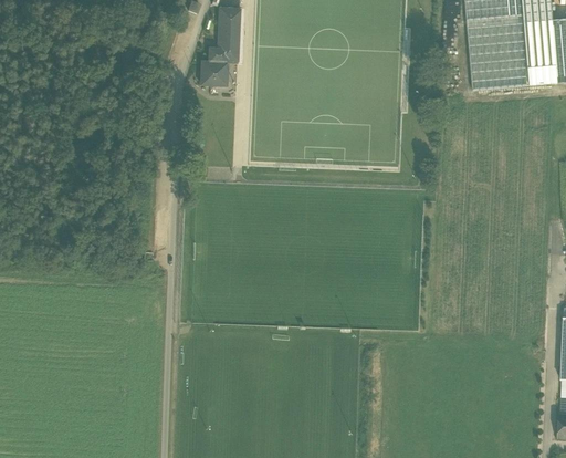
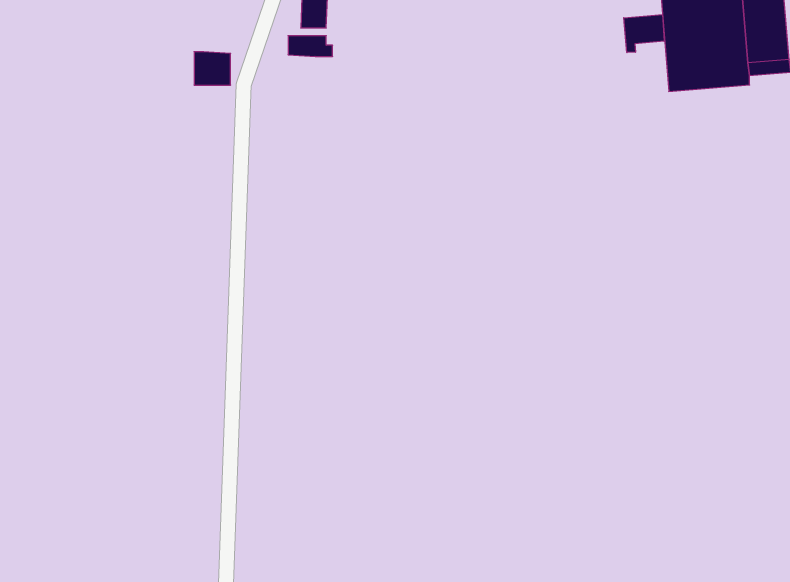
building: none -> [624,15,664,53]
building: [201,62,227,85] -> [194,52,231,85]

